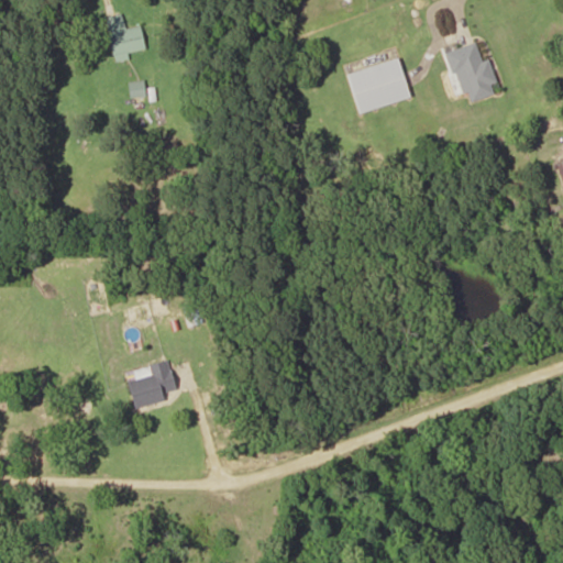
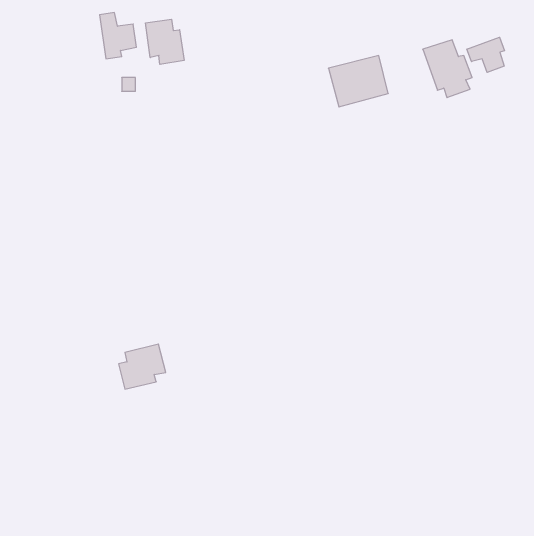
building: none -> [146,19,184,64]
building: none -> [467,37,505,72]

